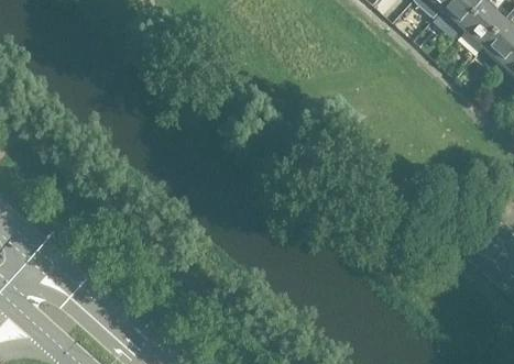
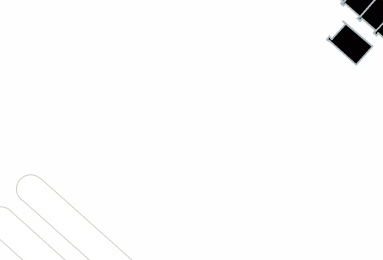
building: none -> [327,21,372,65]

